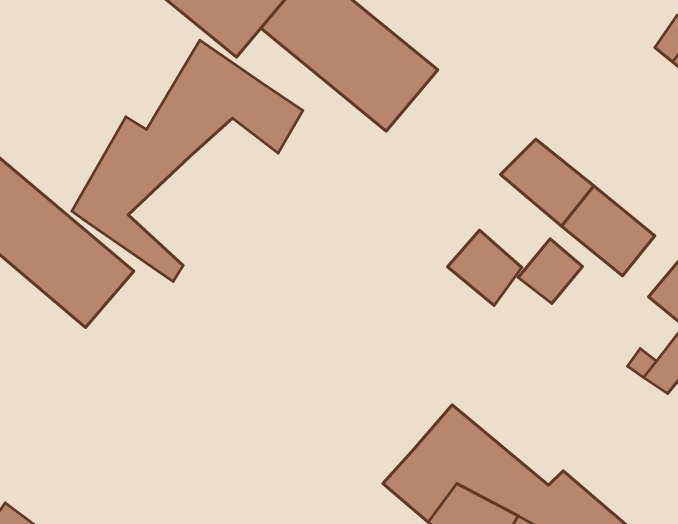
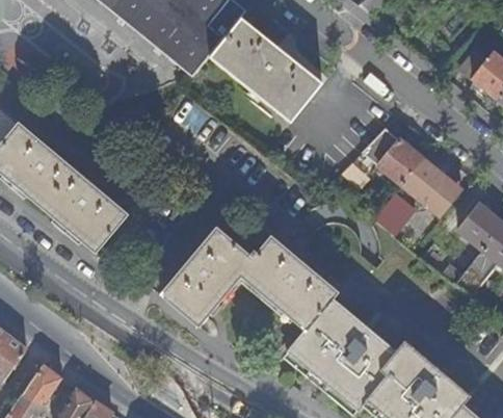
building: [72,40,303,282] -> none
building: [448,230,522,306] -> none
building: none -> [161,228,337,330]

